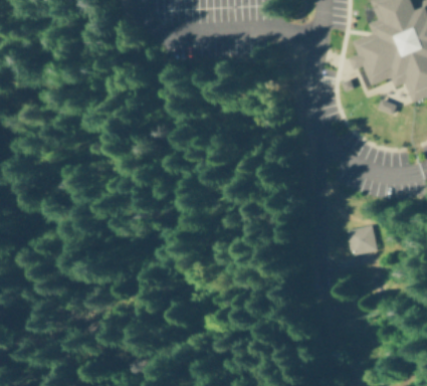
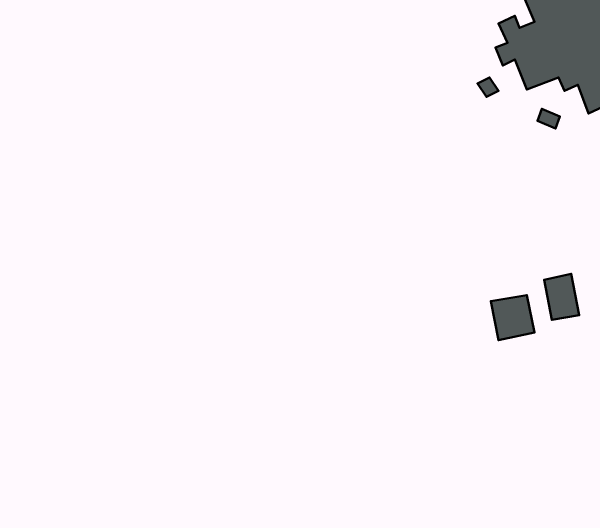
building: none -> [544,274,579,320]

